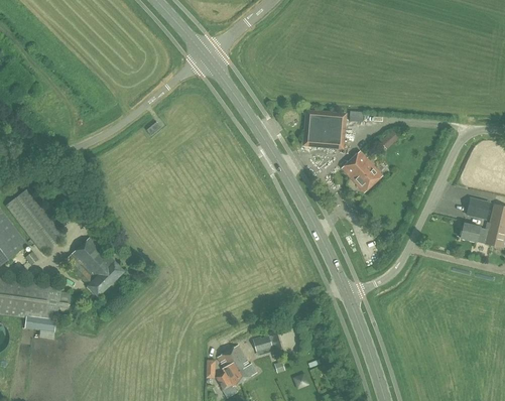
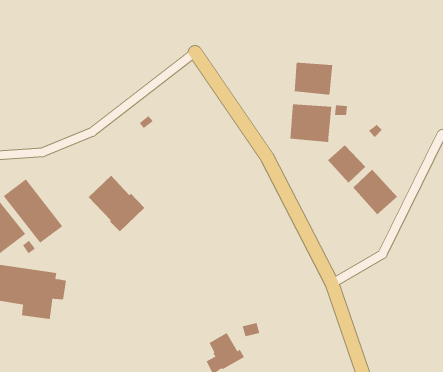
building: none -> [294,62,333,96]
building: none -> [353,169,398,215]
building: [64,237,123,296] -> [88,175,145,232]

